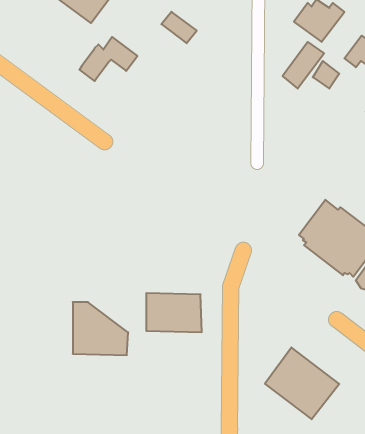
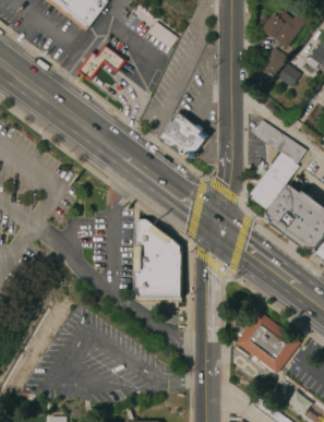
building: none -> [160,112,207,157]
building: none -> [250,119,305,209]
building: [73,302,128,355] -> [133,219,181,265]

